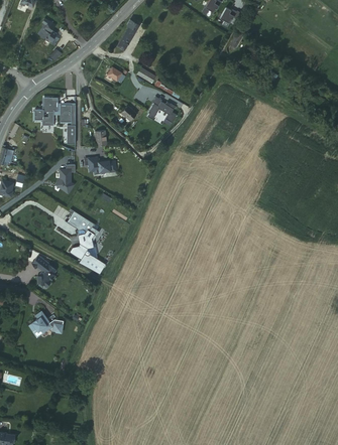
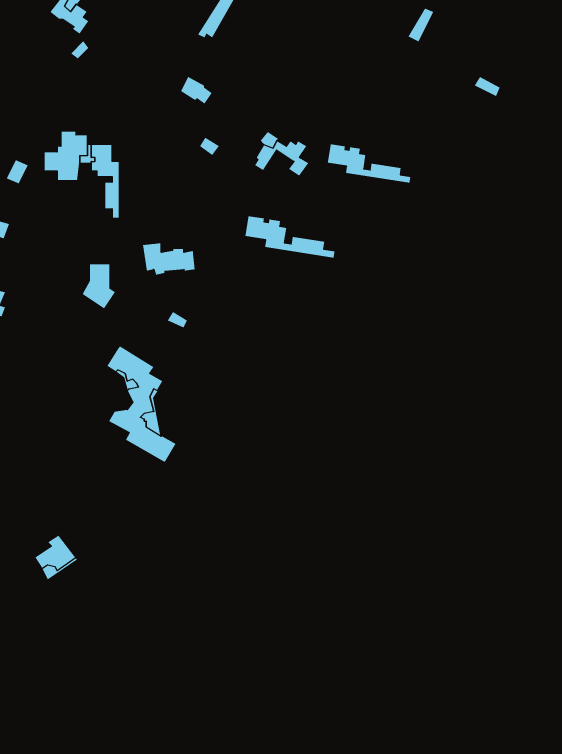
building: none -> [327,144,411,184]
building: none -> [245,215,335,259]
building: [31,255,55,285] -> none

